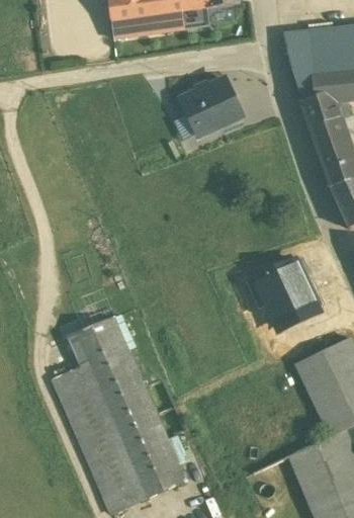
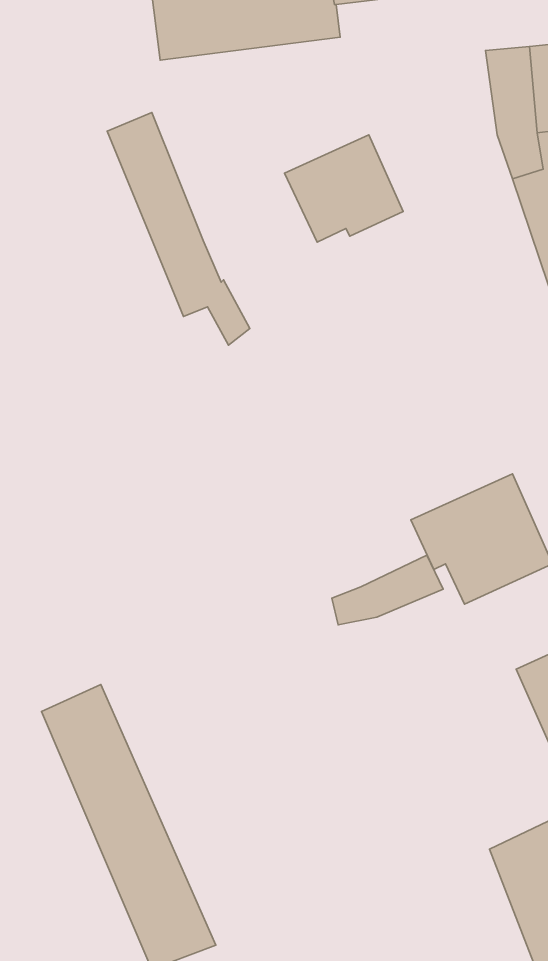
building: none -> [107,112,250,345]
building: none -> [332,555,443,625]
building: [71,319,187,504] -> none

